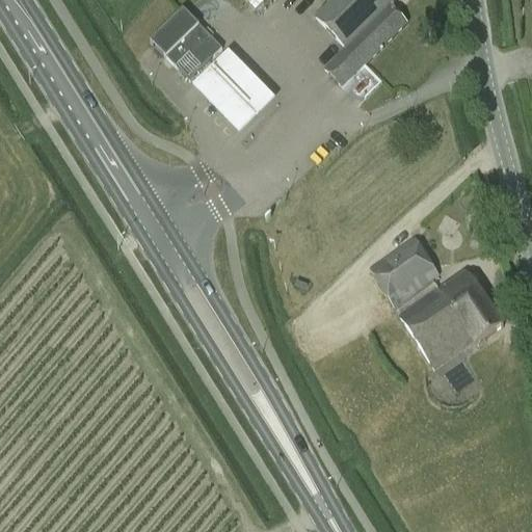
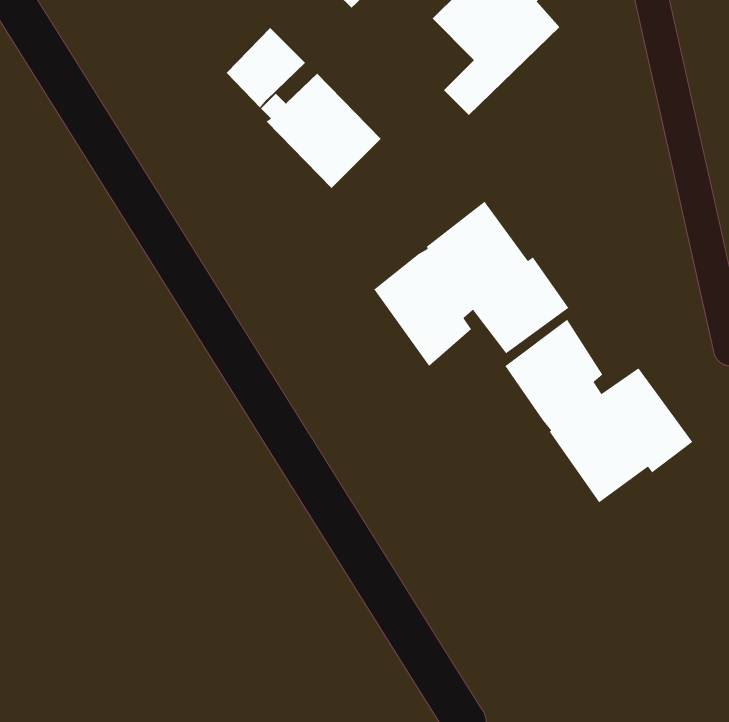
building: [151,6,197,53] -> none
building: none -> [374,201,569,367]

